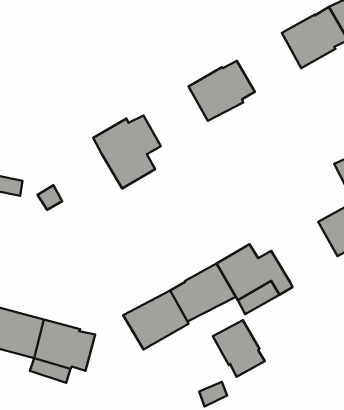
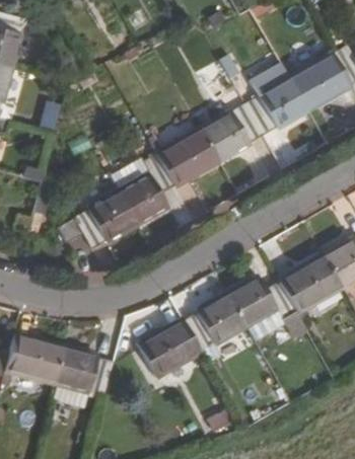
building: none -> [246,62,307,133]
building: none -> [156,128,219,185]
building: none -> [75,192,138,247]
building: none -> [279,255,342,313]
building: [213,320,265,377] -> none

